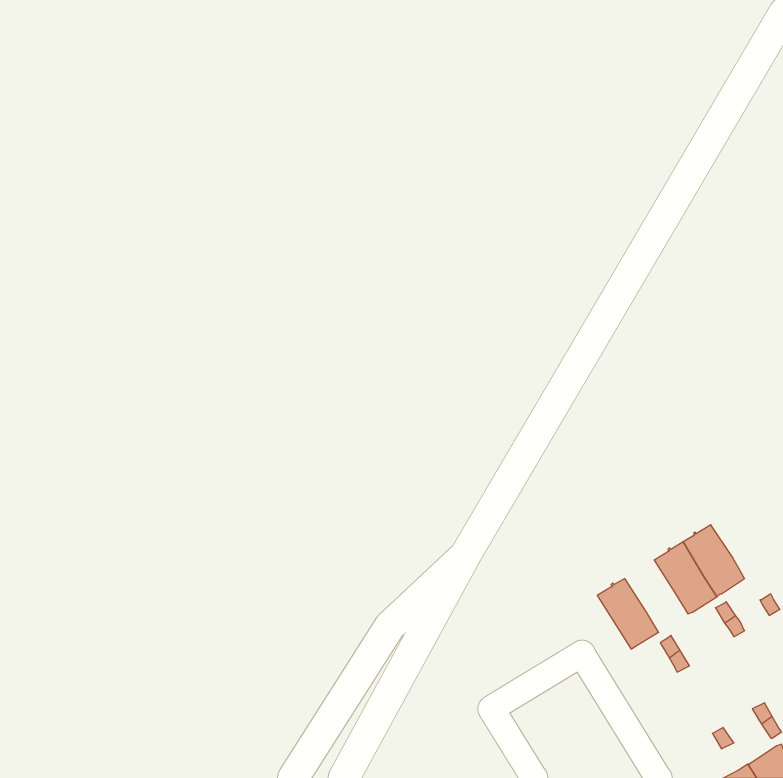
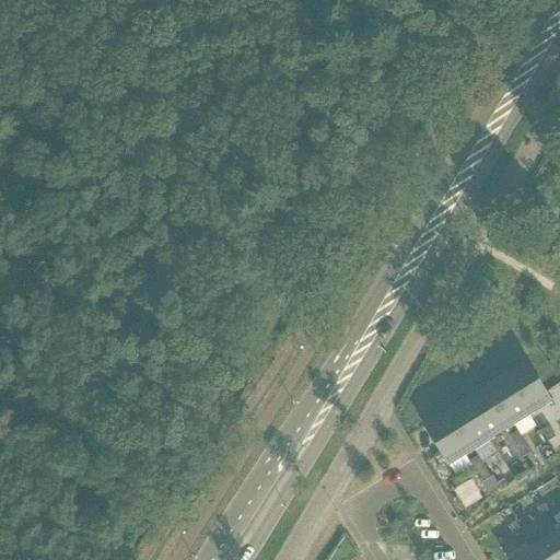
building: none -> [508,361,552,412]
building: none -> [446,399,491,451]

